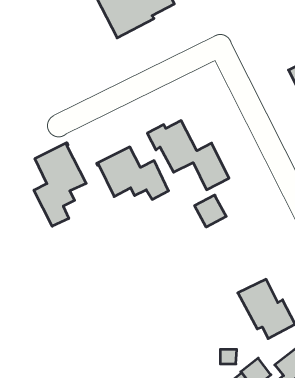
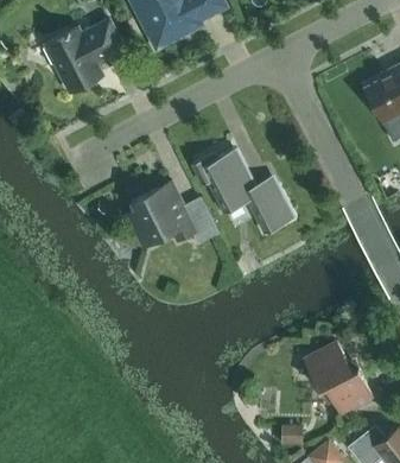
building: none -> [45,20,123,91]
building: [34,143,86,226] -> none
building: [195,195,226,227] -> none

